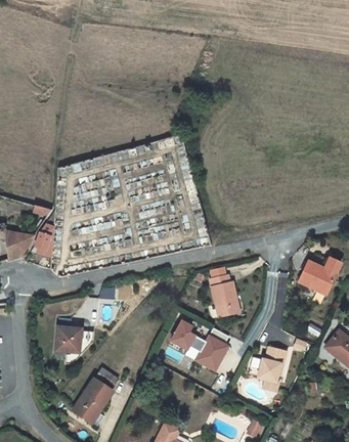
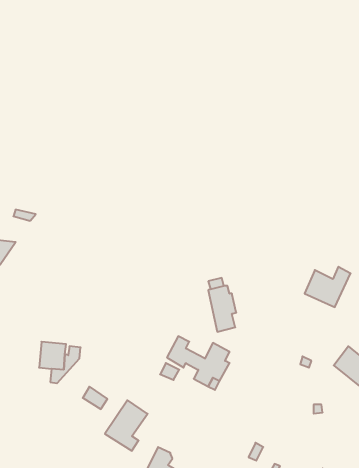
building: [34,223,53,257] -> none
building: [257,347,286,390] -> none
building: [73,379,112,425] -> [105,400,148,451]

